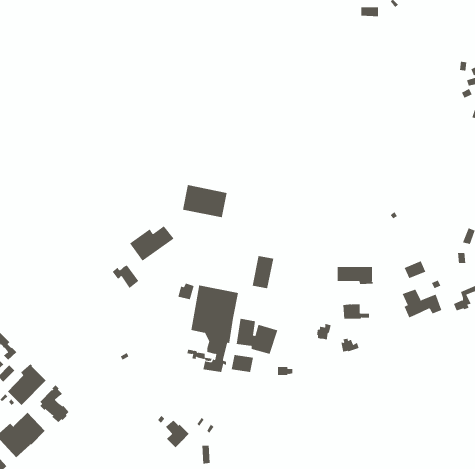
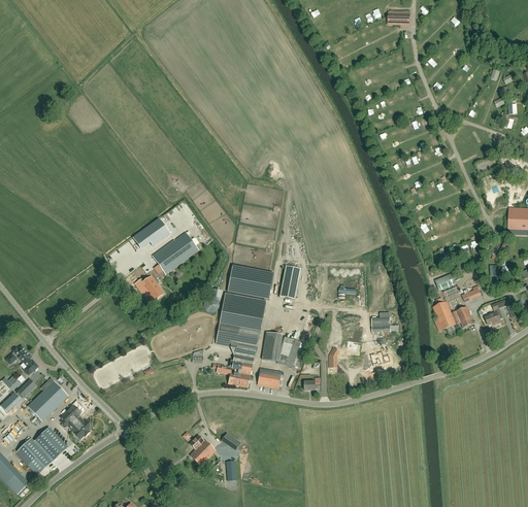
building: [182,185,227,218] -> [227,265,273,299]
building: none -> [133,217,170,246]
building: [337,266,373,285] -> none

